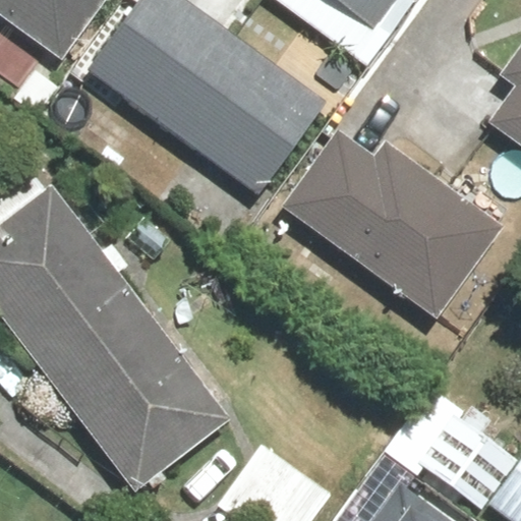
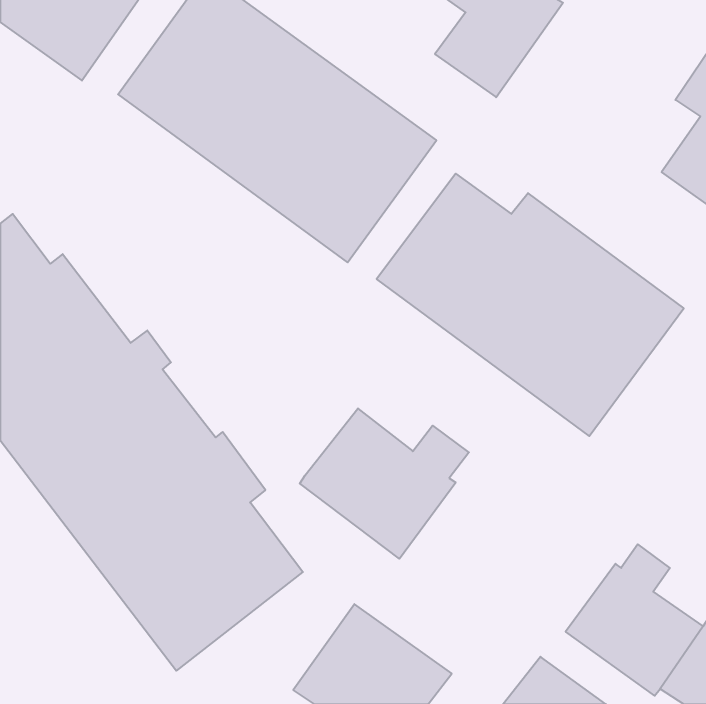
building: none -> [300,408,469,559]

